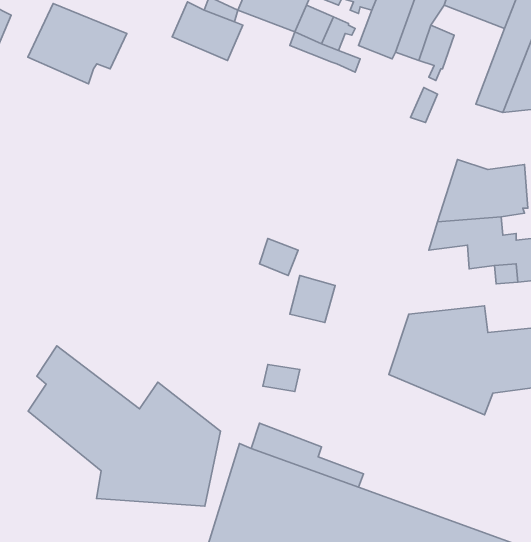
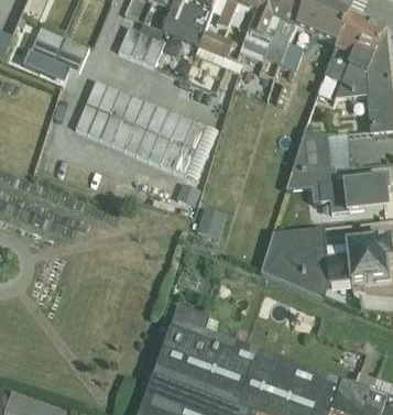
building: none -> [76,78,218,179]
building: [28,346,221,506] -> none

